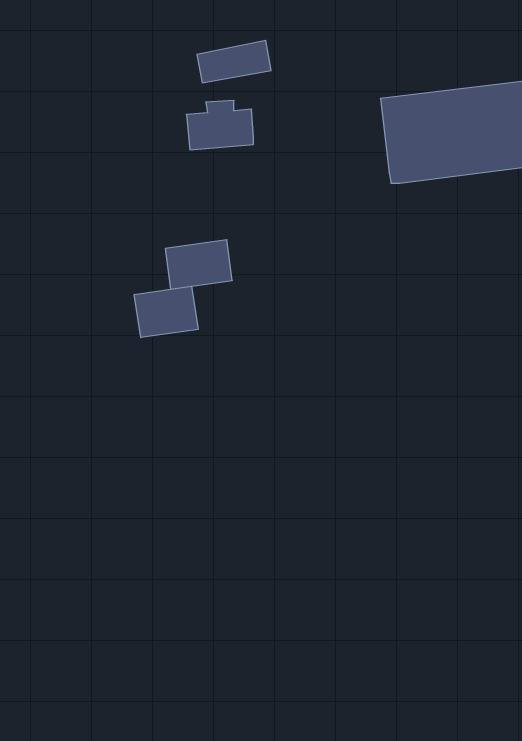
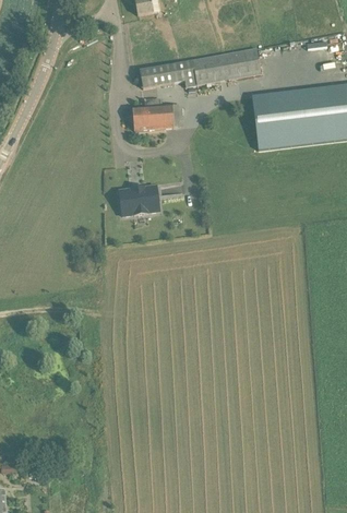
building: none -> [180,47,260,86]
building: [134,286,198,338] -> none

